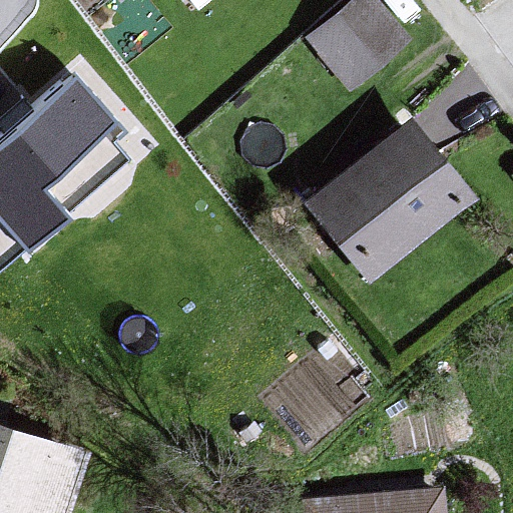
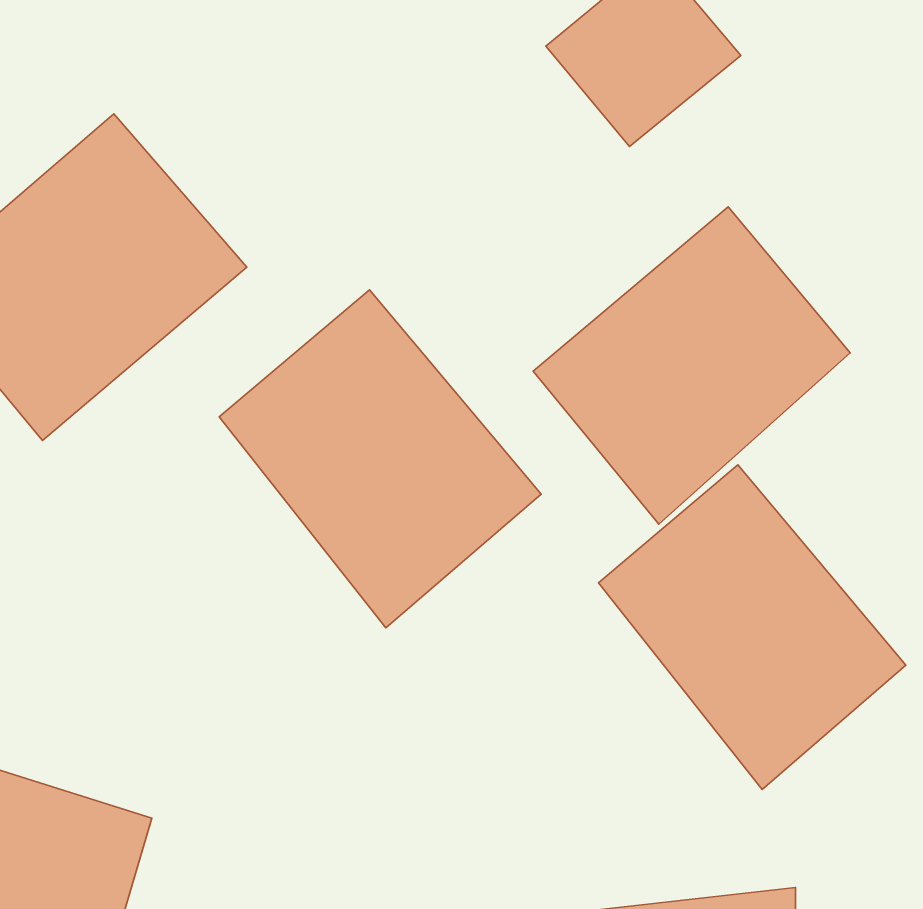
building: none -> [219,290,541,628]
building: none -> [598,465,906,789]

